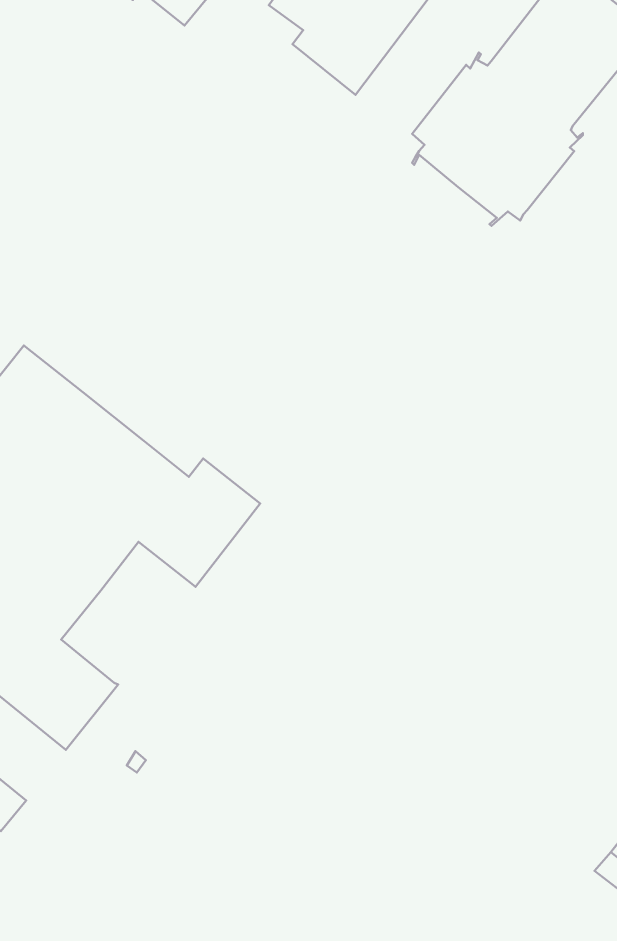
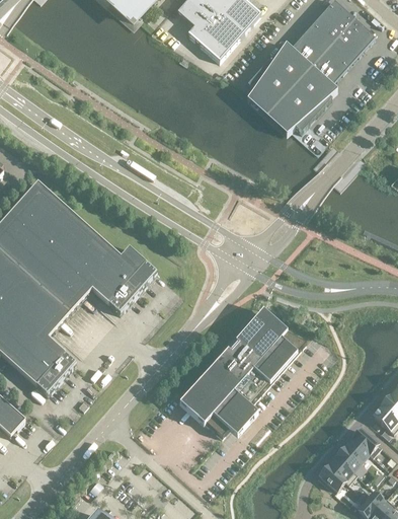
building: none -> [178,309,305,436]

